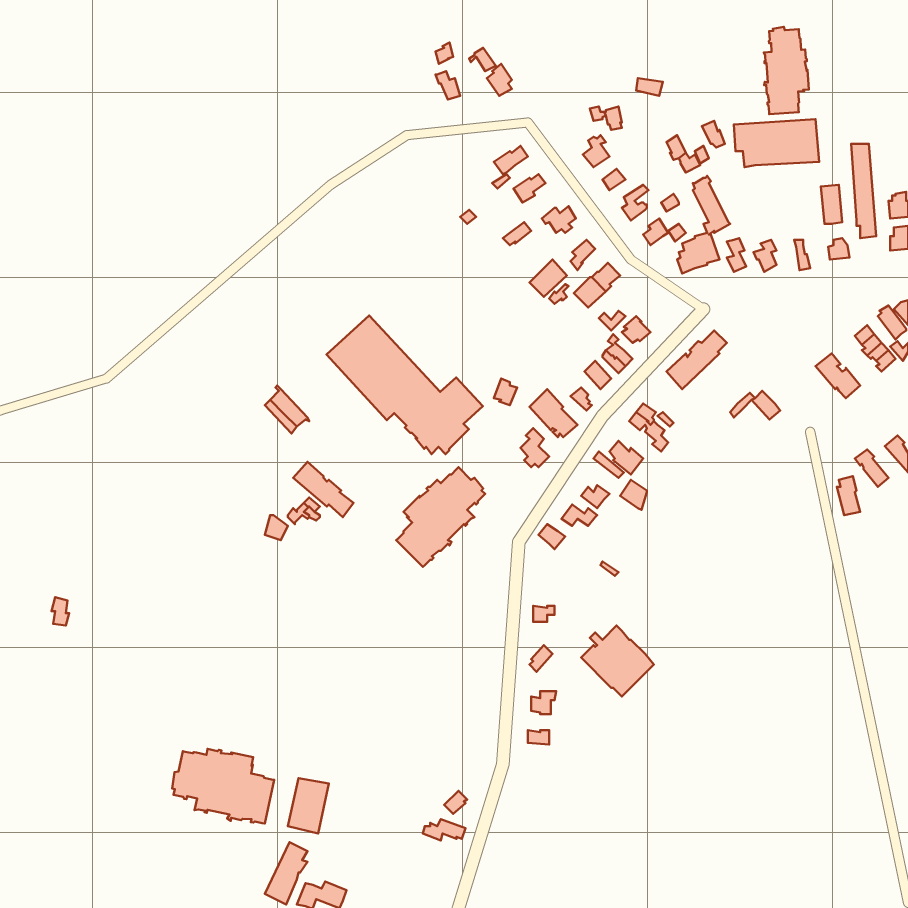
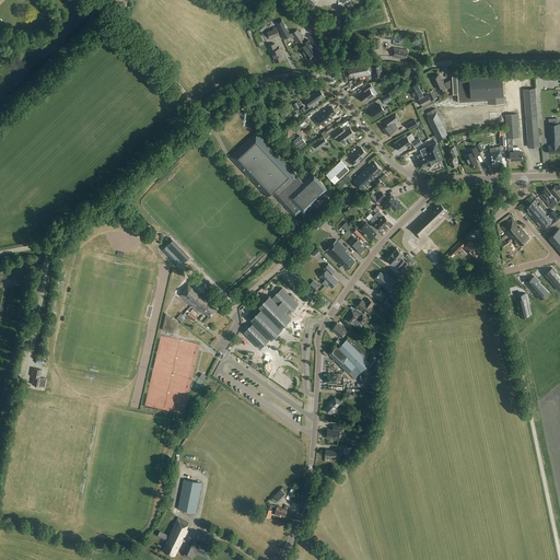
building: [764,27,809,114] -> none
building: [327,315,483,454] -> [231,132,327,218]
building: [581,626,654,697] -> [329,335,374,378]
building: [172,749,274,824] -> none

